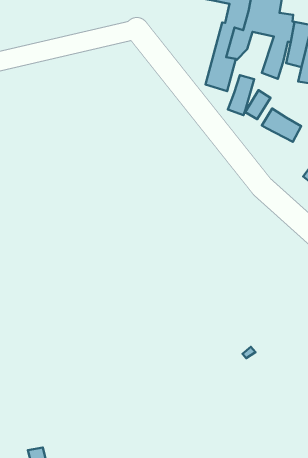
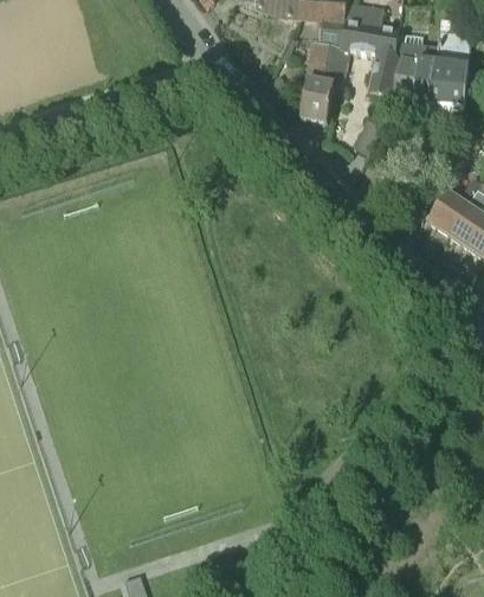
building: [228,75,254,115] -> none
building: [262,108,301,142] -> none

